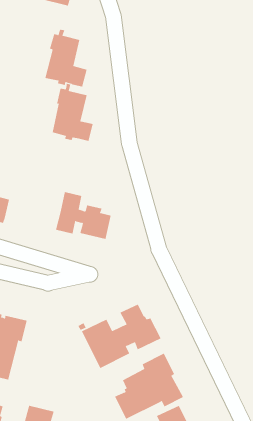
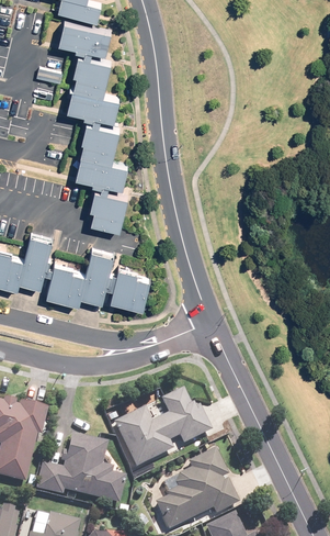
building: none -> [59,22,112,55]
building: none -> [91,185,128,231]
building: none -> [20,235,87,305]
building: none -> [35,435,125,505]

